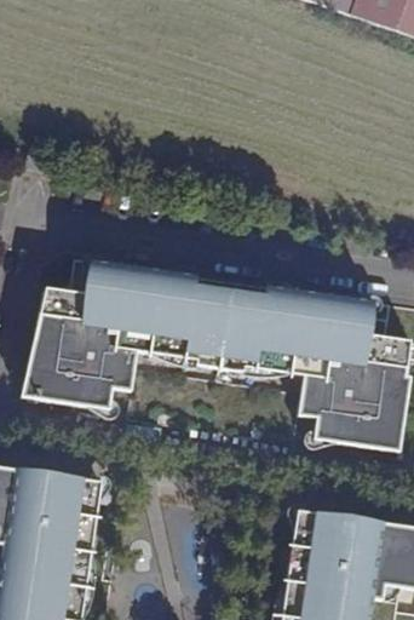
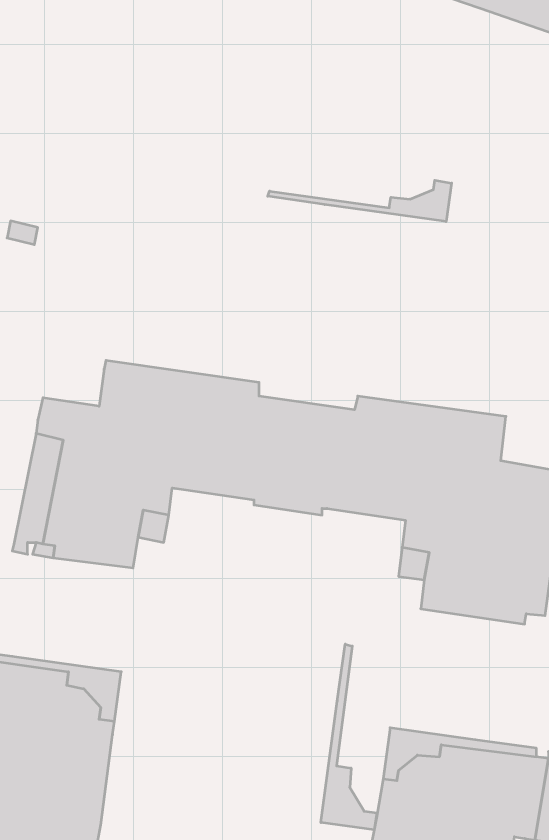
building: none -> [268,180,452,222]
building: none -> [321,644,377,830]

